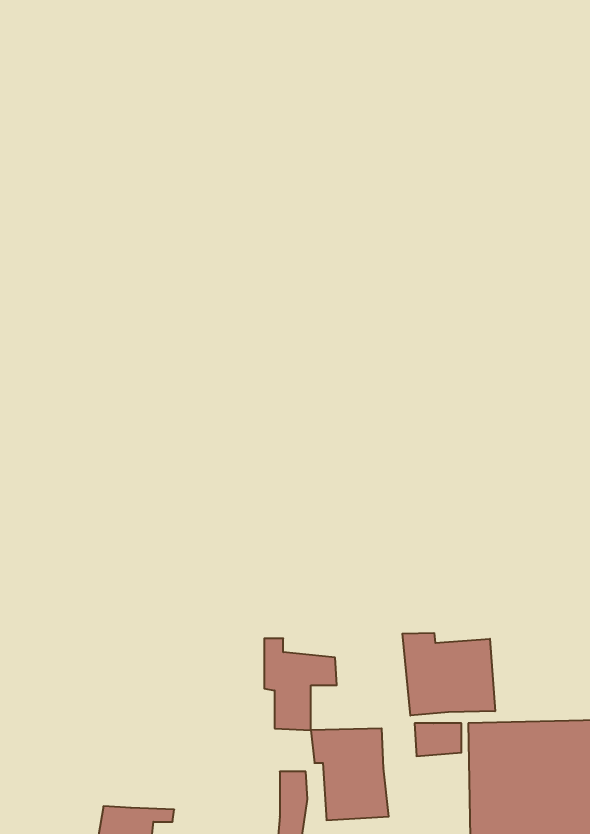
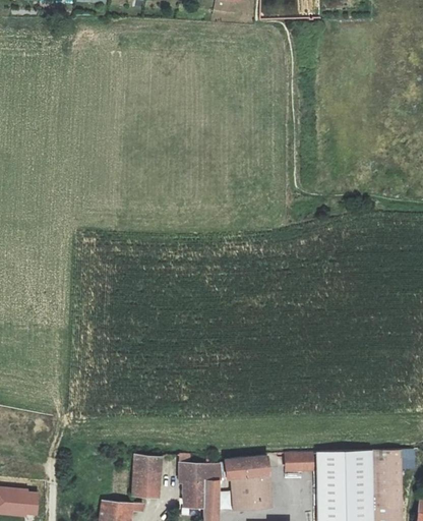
building: [402,633,495,716] -> none
building: [264,638,337,730] -> [178,454,221,508]
building: none -> [131,455,164,499]

